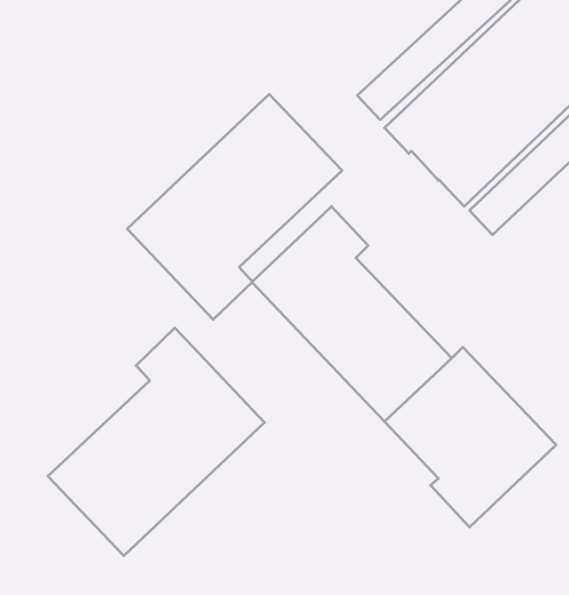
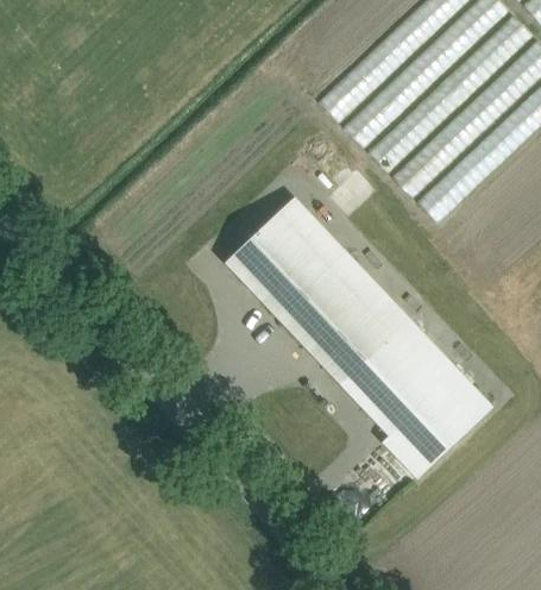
building: [127,94,342,320] -> none
building: [48,328,265,556] -> none

